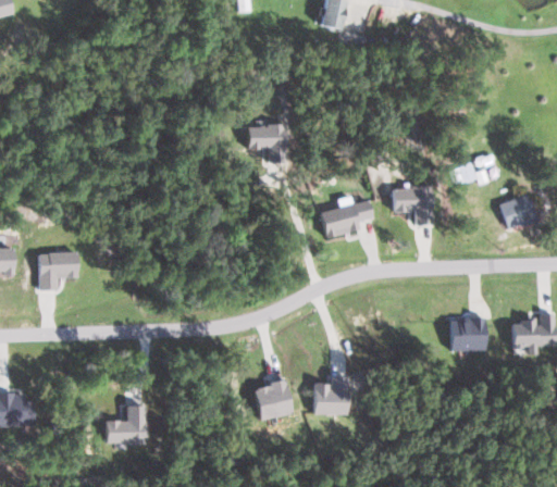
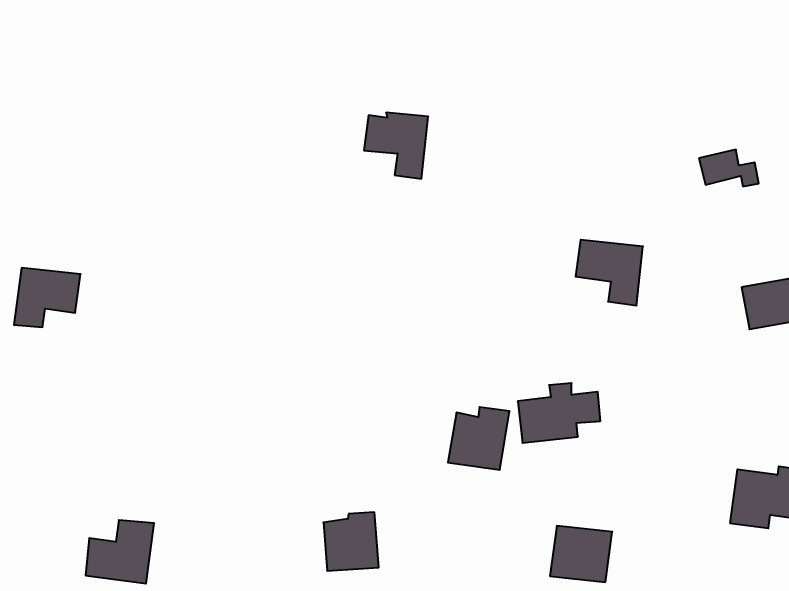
building: [450,162,491,187] -> [699,150,759,186]
building: [319,196,373,238] -> [518,383,600,443]
building: [450,317,486,351] -> [550,526,612,582]
building: [313,376,348,414] -> [448,407,510,470]

